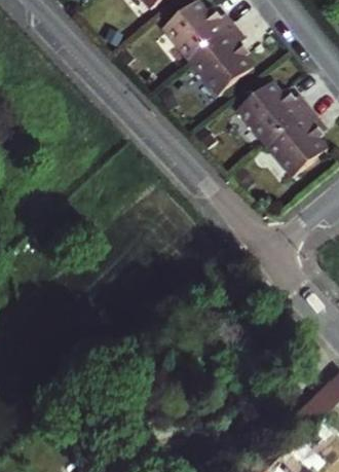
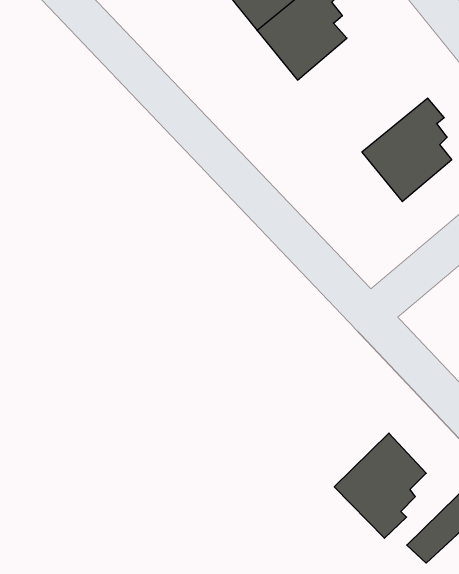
building: [235,81,309,145] -> none
building: none -> [334,433,426,538]

